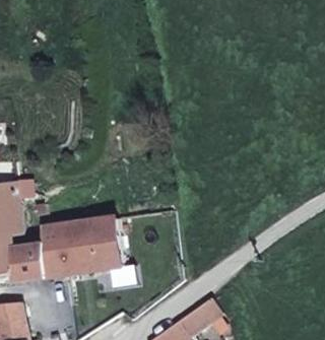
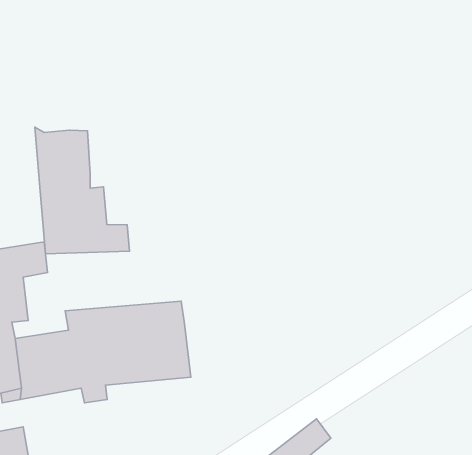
building: none -> [35,127,130,254]

